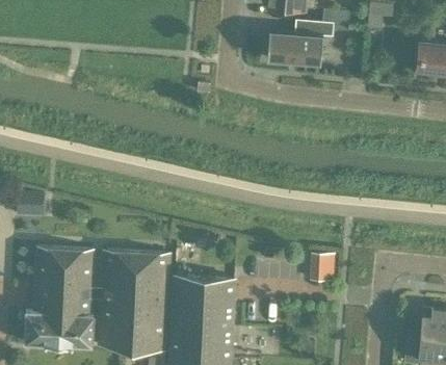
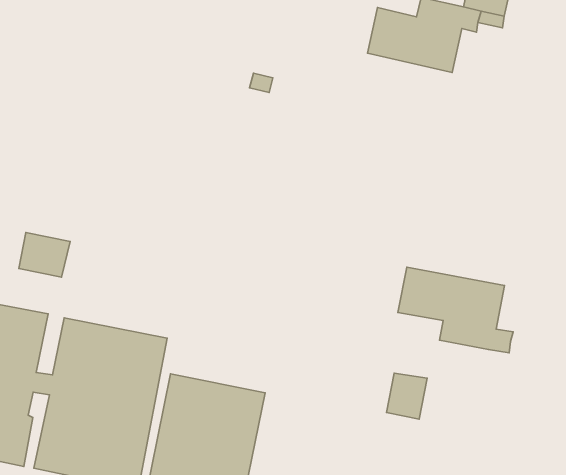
building: none -> [398,267,513,353]
building: none -> [19,232,70,277]

